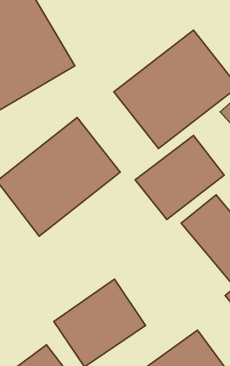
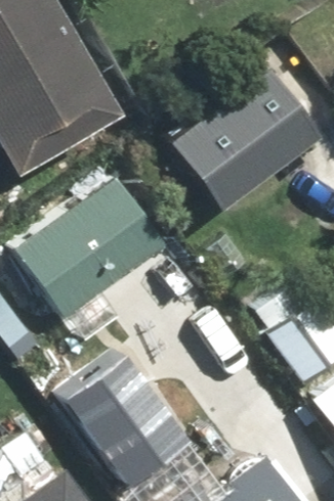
building: [135,135,224,220] -> none

